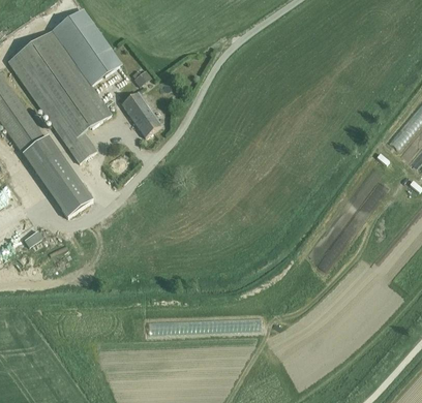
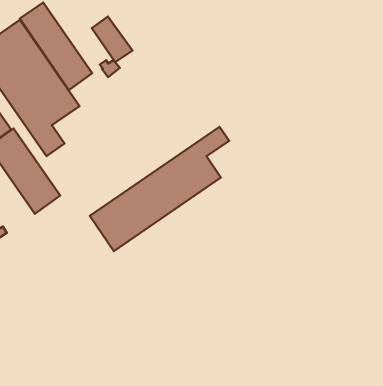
building: [121,90,160,134] -> [92,16,132,62]
building: none -> [90,127,229,251]

